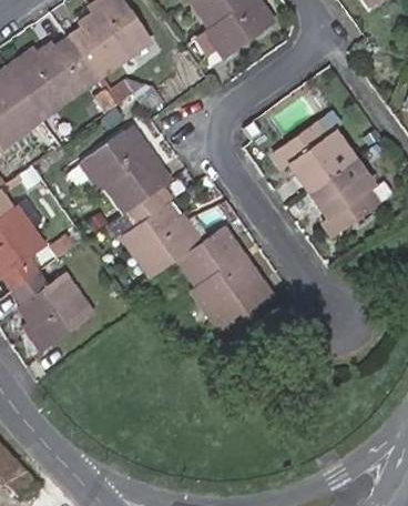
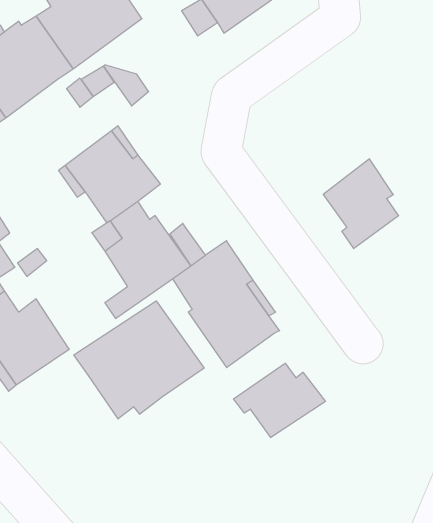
building: [274,124,345,186] -> none
building: none -> [74,301,204,419]
building: none -> [234,363,325,438]

